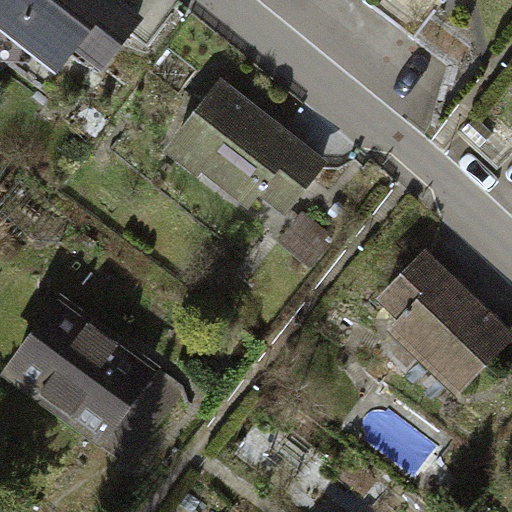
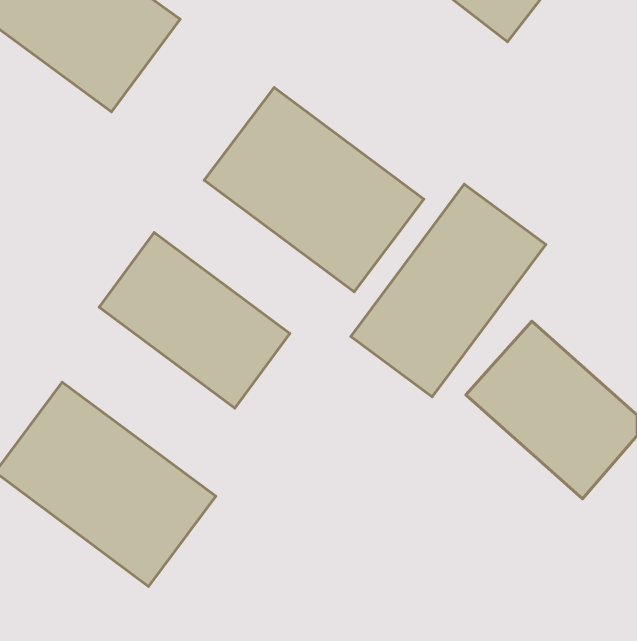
building: none -> [351,184,546,397]
building: none -> [99,232,290,408]

